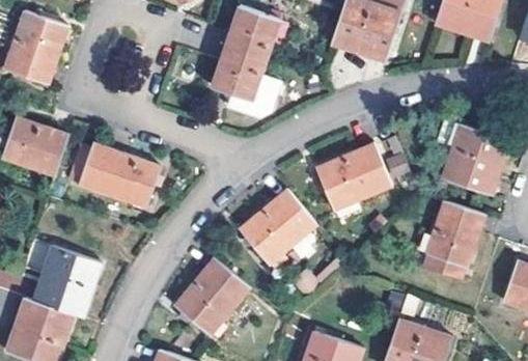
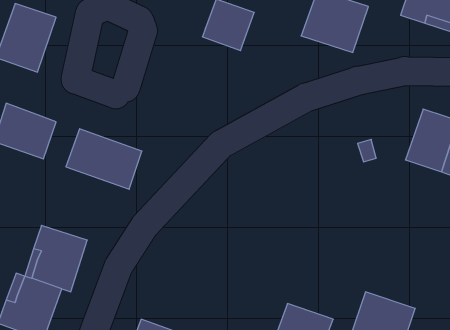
building: [210,46,279,117] -> none
building: [315,141,390,207] -> none
building: [241,187,316,261] -> none
building: [423,199,482,278] -> none
building: [172,253,248,332] -> none

